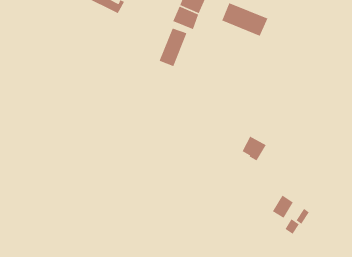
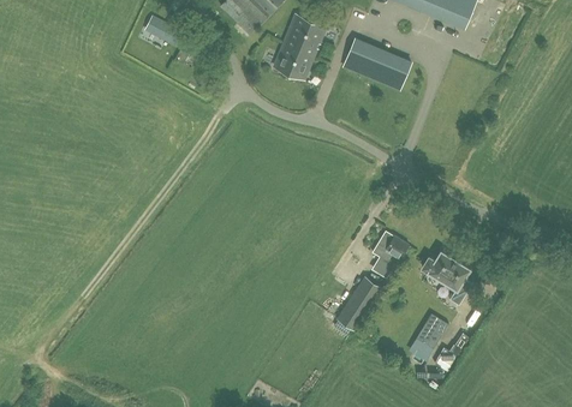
building: [159,27,188,67] -> none
building: none -> [422,251,471,304]
building: none -> [336,276,382,330]

